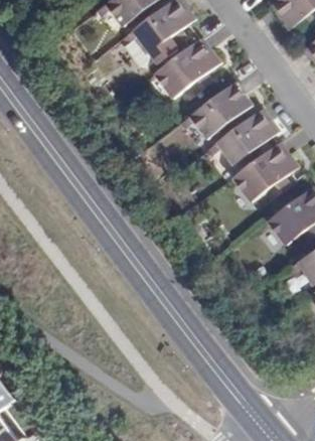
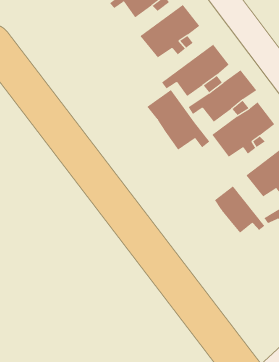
building: none -> [146,89,210,151]
building: none -> [214,185,265,234]

